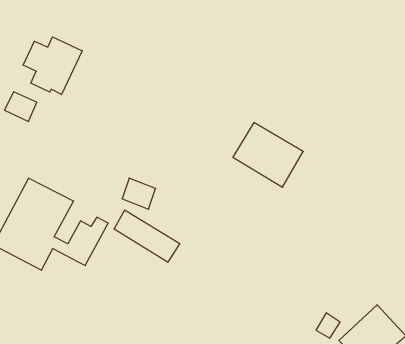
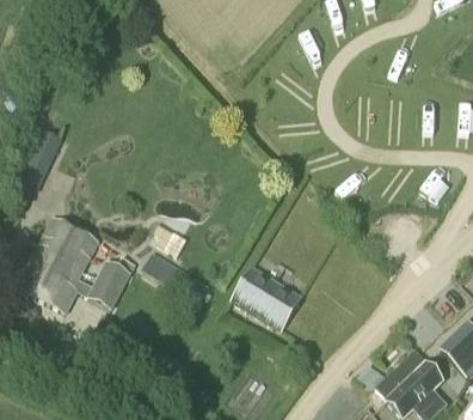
building: [23,37,82,95] -> none
building: [233,123,303,187] -> [229,264,302,331]

